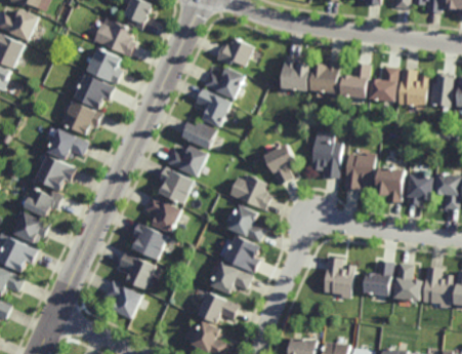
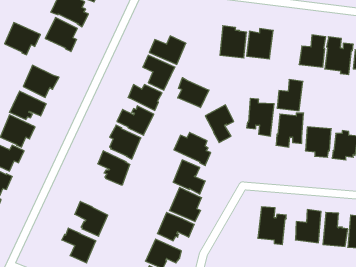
building: [214,37,252,66] -> none
building: [341,63,370,97] -> [277,80,303,111]
building: [74,73,114,109] -> [5,23,40,55]
building: none -> [178,78,209,108]
building: [131,222,168,261] -> none

